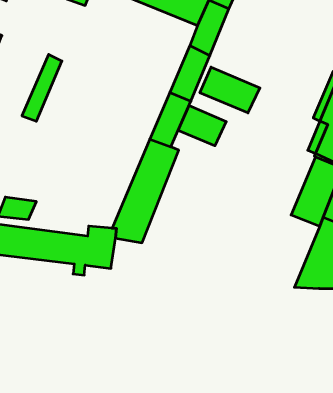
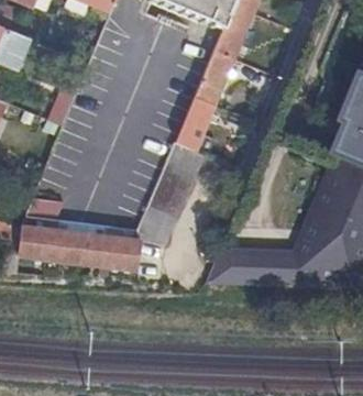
building: [200,67,260,113] -> none
building: [178,106,226,146] -> none
building: none -> [208,217,343,288]

